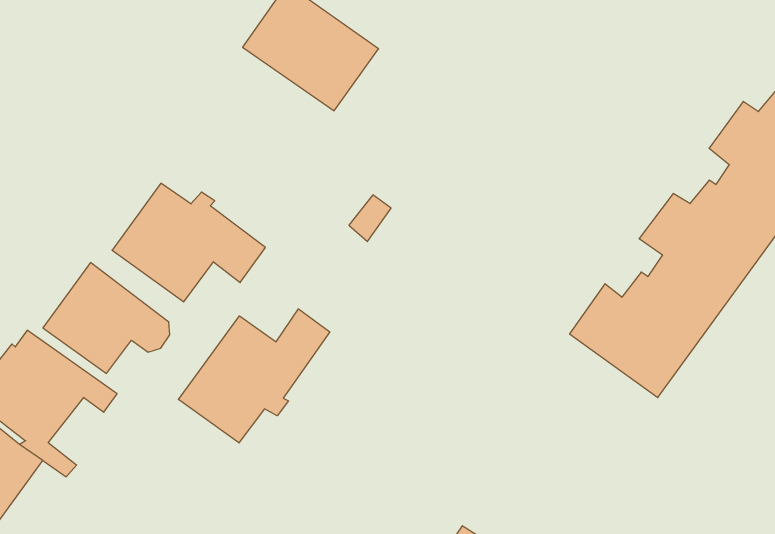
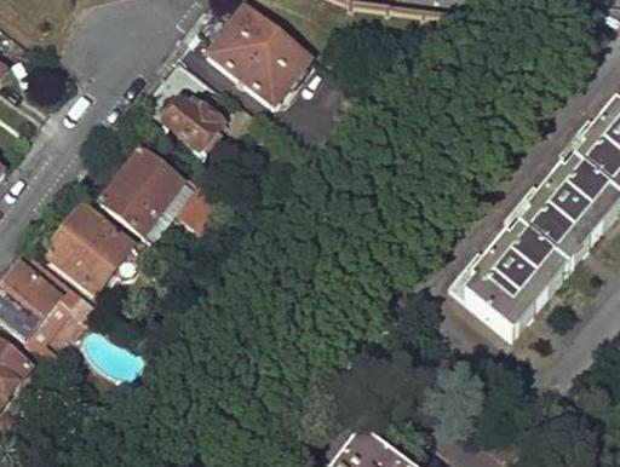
building: none -> [167,98,222,149]
building: [178,309,330,443] -> none

